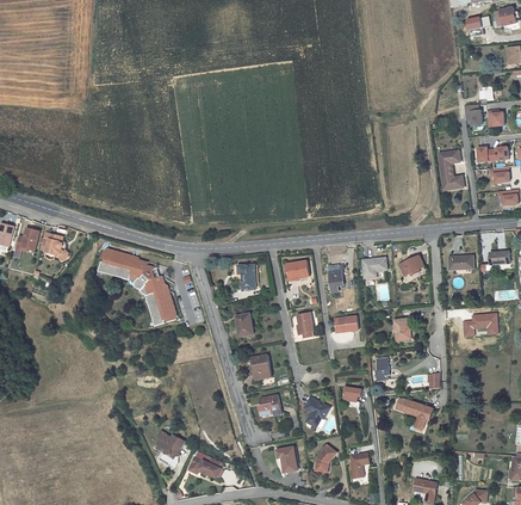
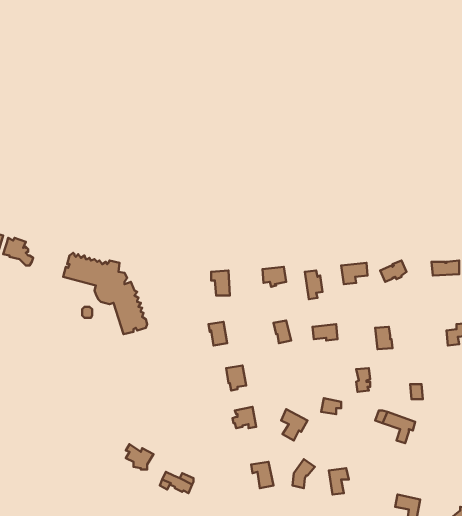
building: [438,149,463,190] -> none

